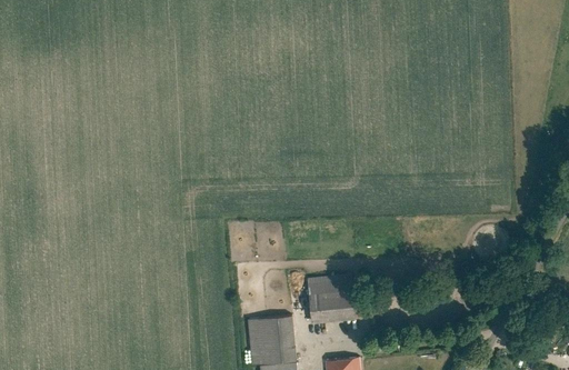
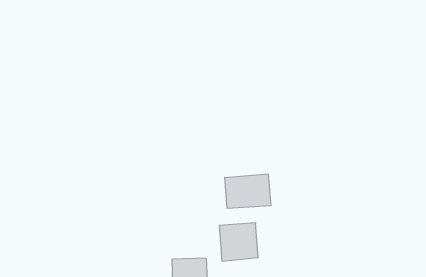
building: none -> [225,174,271,208]

